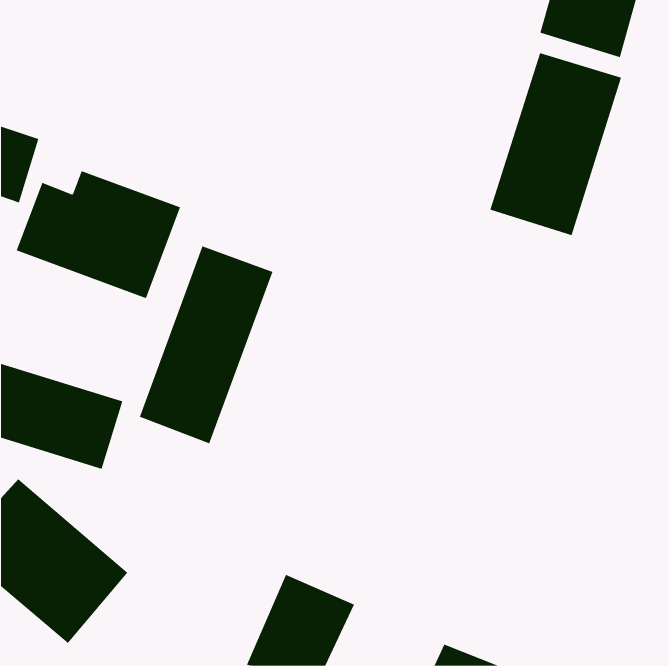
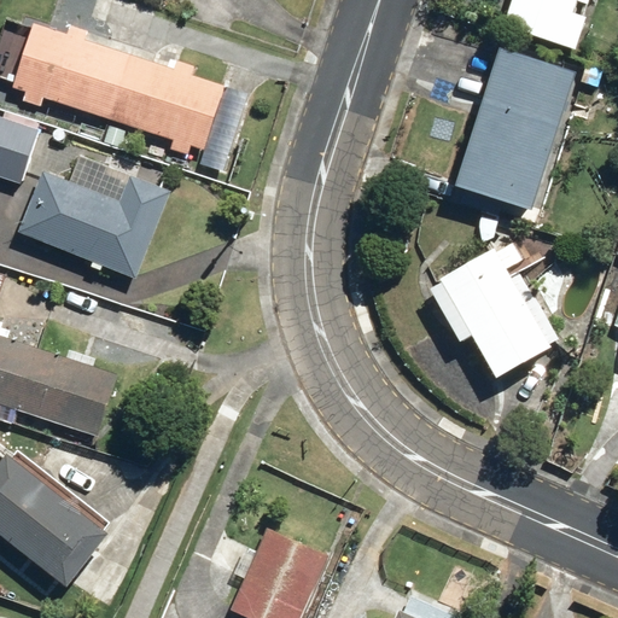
building: none -> [11,21,247,173]
building: [139,245,273,444] -> none
building: none -> [426,240,558,380]

